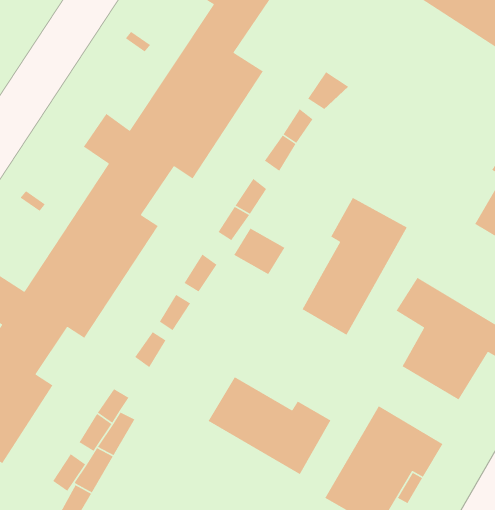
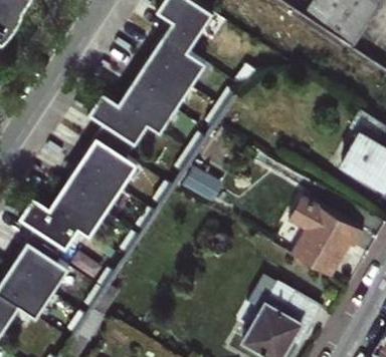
building: [302,197,408,336] -> none
building: [208,376,331,475] -> none

